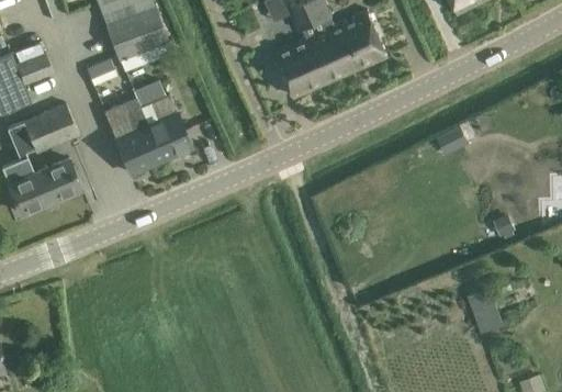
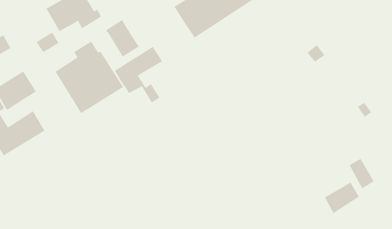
building: none -> [105,19,140,58]
building: none -> [114,46,163,104]
building: none -> [324,182,360,214]

